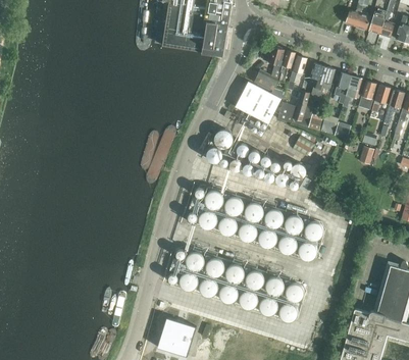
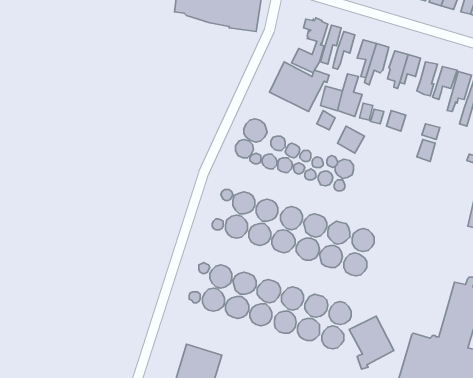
building: none -> [349,316,394,369]

